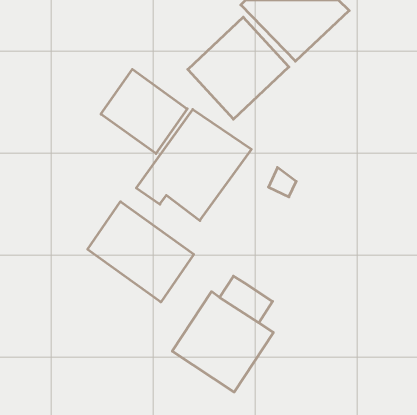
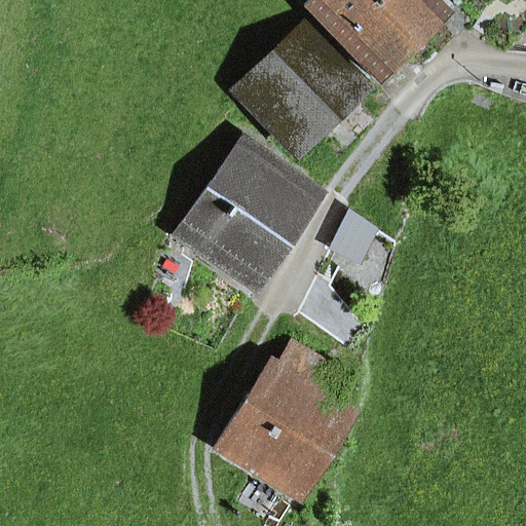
building: [101,69,187,154] -> none
building: [88,202,194,302] -> none

